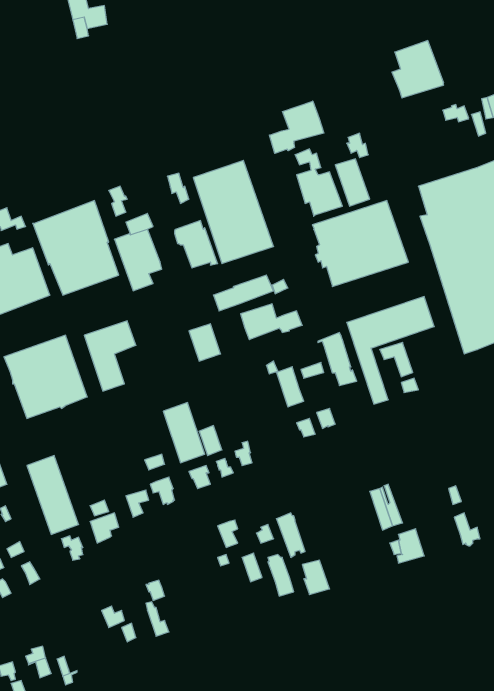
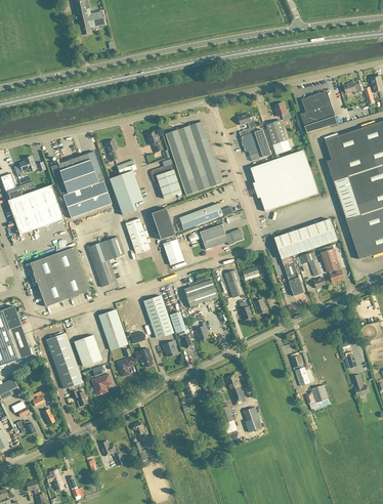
building: [392,41,444,98] -> [300,91,337,132]
building: [269,101,324,153] -> none
building: none -> [152,207,175,239]
building: none -> [125,217,150,253]
building: [318,333,357,386] -> [316,243,344,281]
building: none -> [183,279,218,305]
building: none -> [98,308,127,348]
building: none -> [74,334,101,366]

